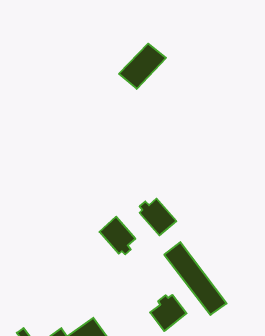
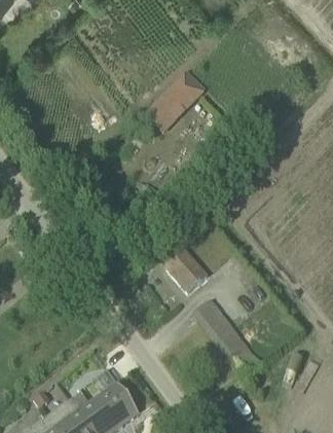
building: [99,217,135,254] -> none
building: [150,295,187,331] -> none

